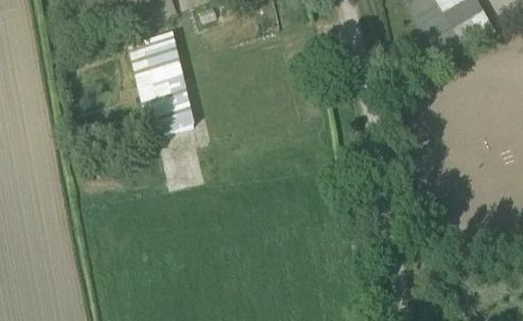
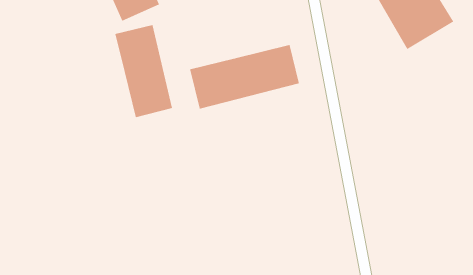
building: none -> [189,44,300,109]

